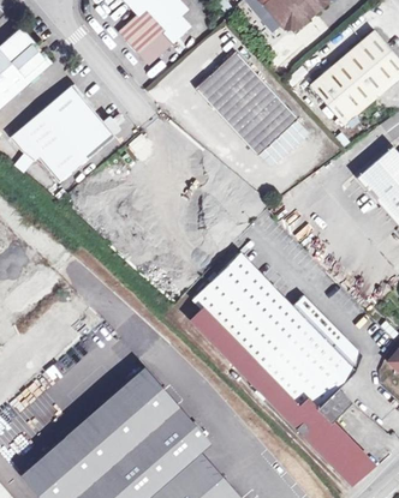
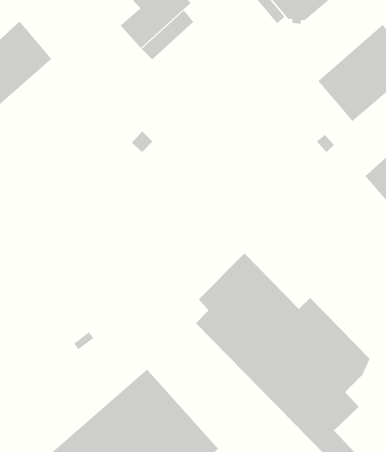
building: [195,52,298,156] -> none
building: [10,85,114,182] -> none

